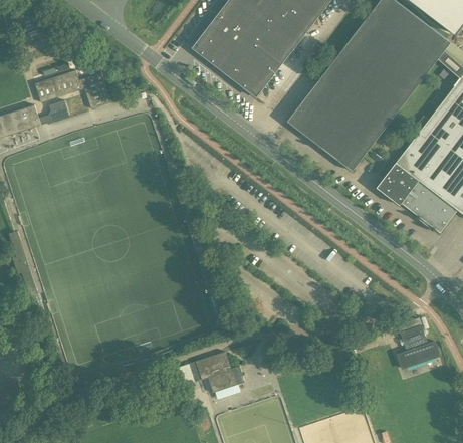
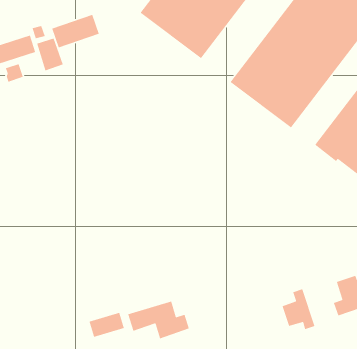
building: none -> [51,14,100,49]
building: none -> [281,288,315,330]
building: none -> [88,312,125,338]

